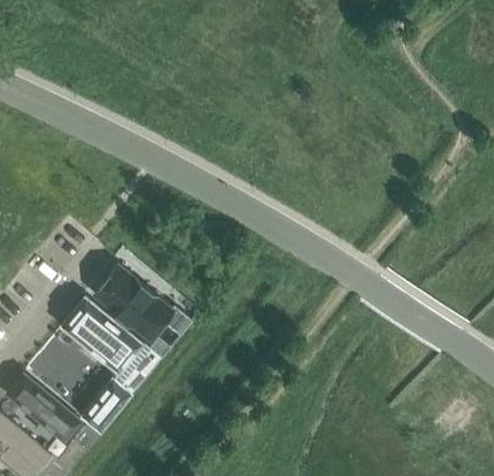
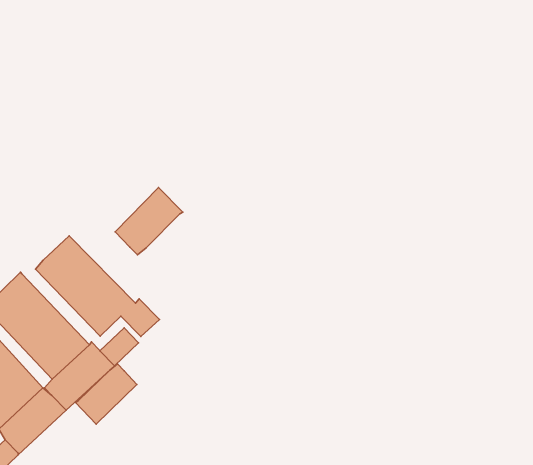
building: none -> [115,188,183,255]
building: none -> [76,364,137,424]

